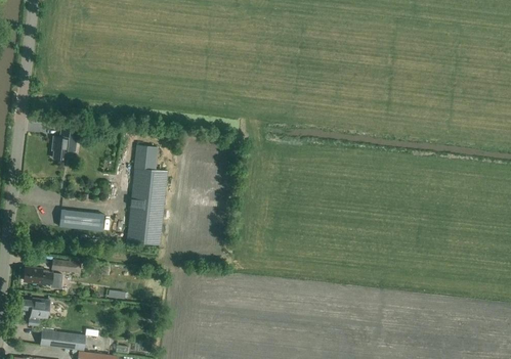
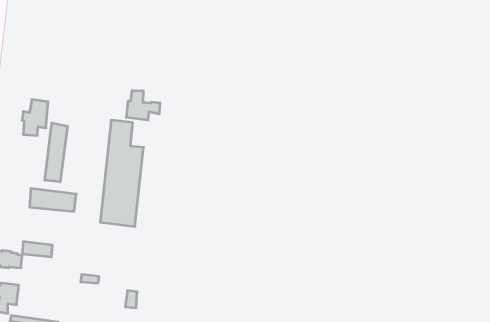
building: none -> [126,90,160,120]
building: none -> [45,123,67,182]

